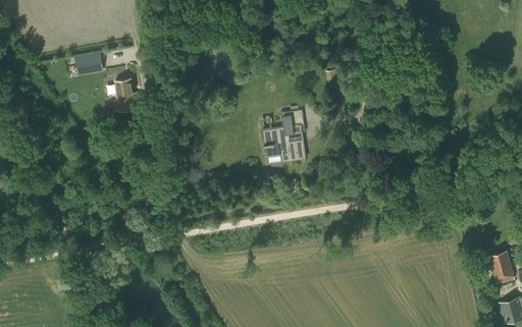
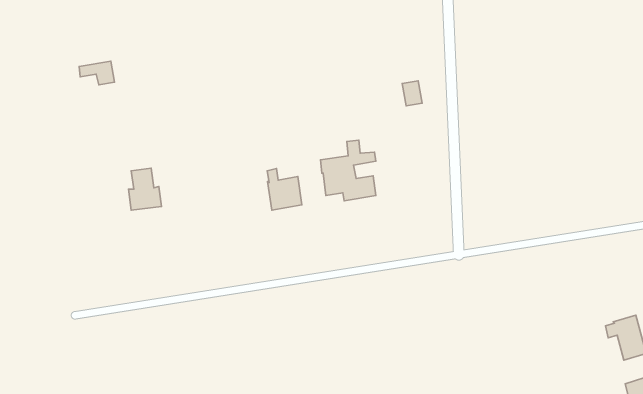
building: [113,78,139,111] -> [129,168,162,210]
building: none -> [267,168,302,210]

